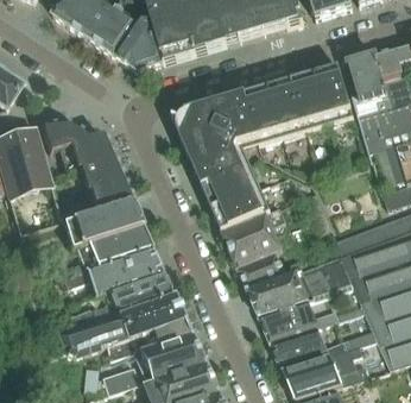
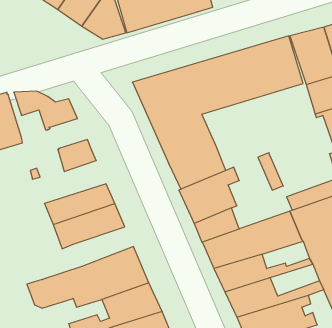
building: [80,153,122,188] -> none
building: [64,199,143,246] -> none
building: [69,270,172,327] -> none

